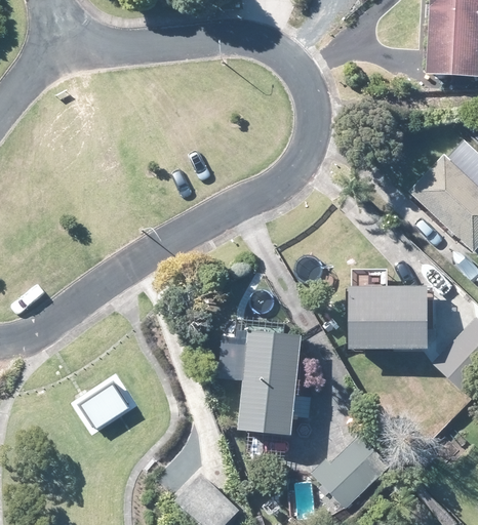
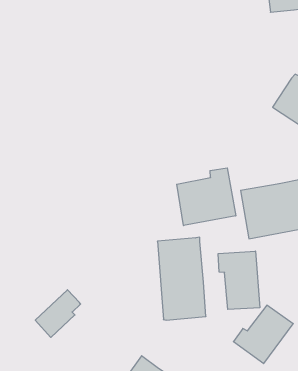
building: none -> [177,168,236,226]
building: none -> [218,251,260,309]

